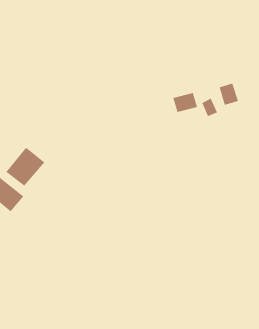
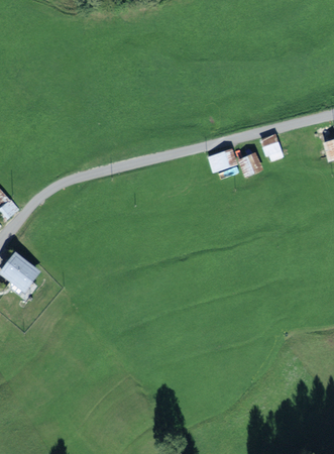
building: [6,147,45,186] -> none

